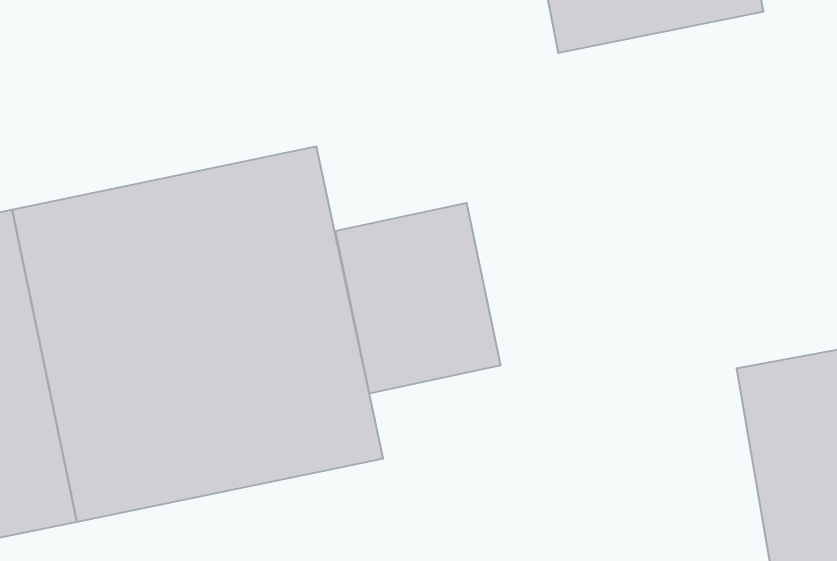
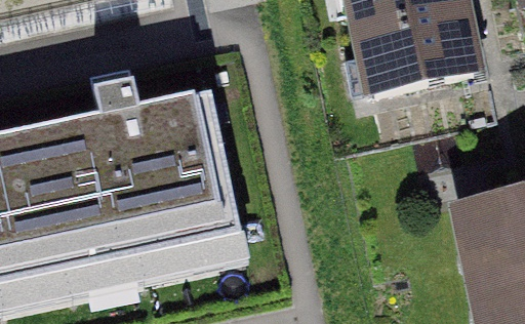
building: none -> [351,11,481,99]
building: [336,203,500,393] -> none

